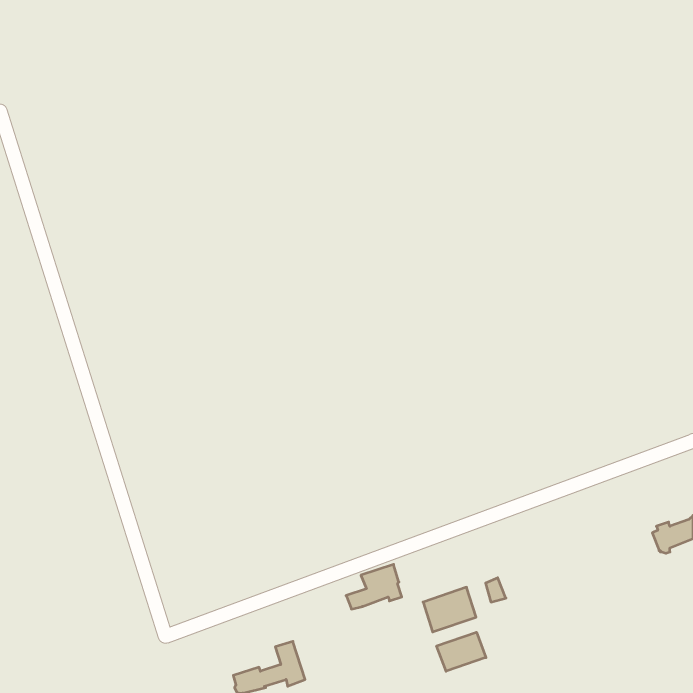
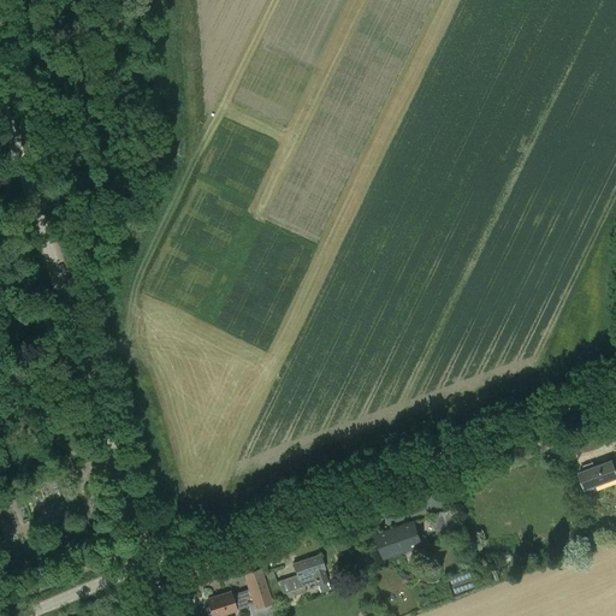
building: [346,564,402,609] -> [278,553,327,593]
building: [437,632,486,671] -> none

